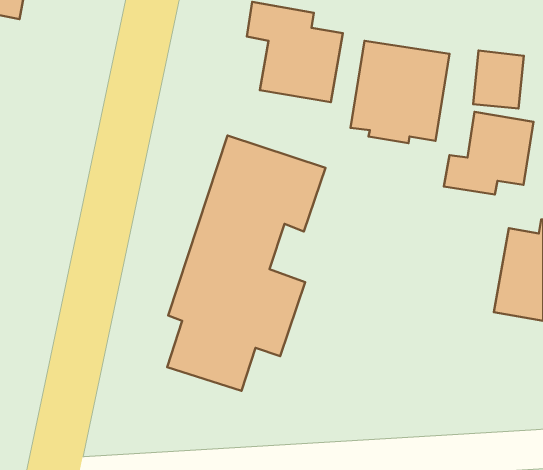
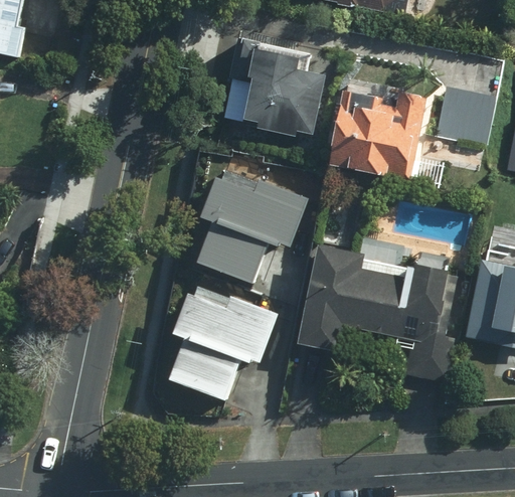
building: [444,112,534,194] -> none
building: none -> [299,241,456,383]

